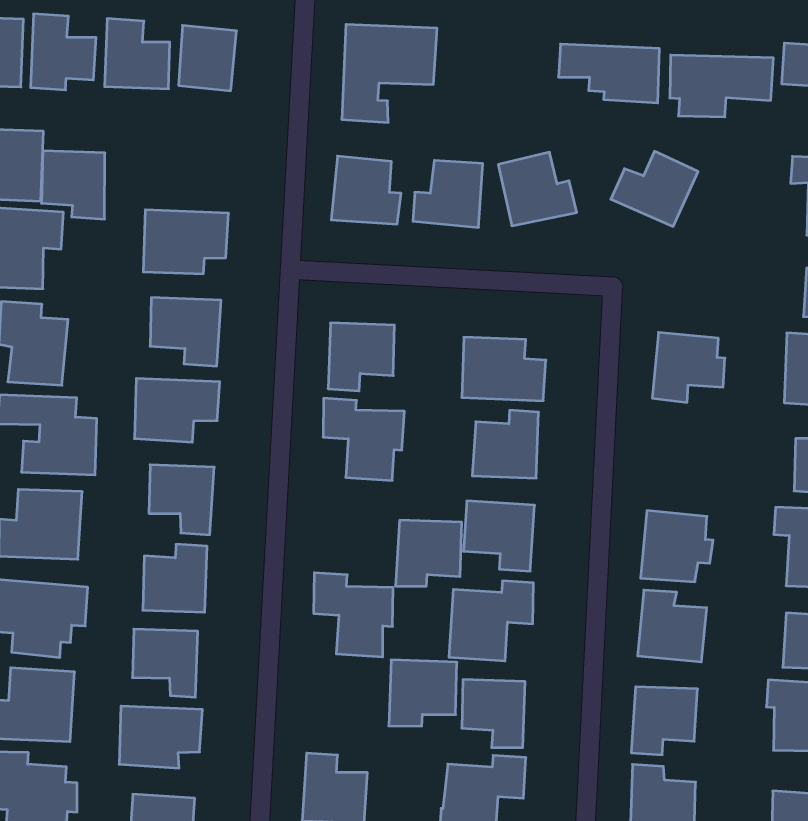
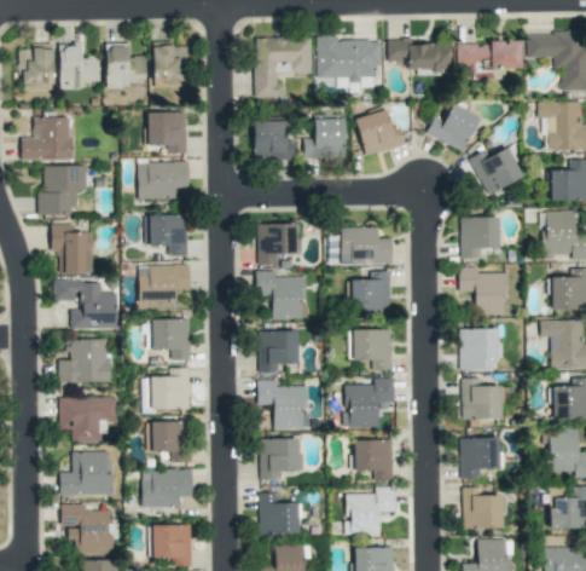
building: none -> [317,36,381,82]
building: [41,151,105,219] -> [146,111,187,152]
building: none -> [469,146,523,195]
building: none -> [458,266,509,315]
building: [395,520,462,586] -> [259,330,298,373]
building: [389,660,457,726] -> [259,438,301,480]

